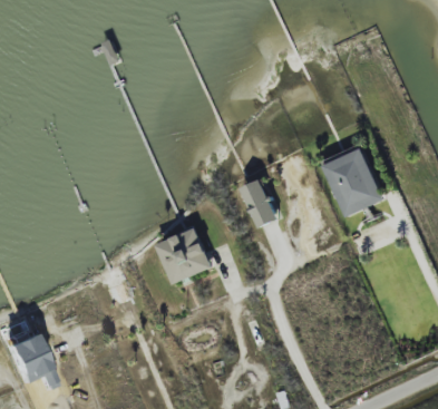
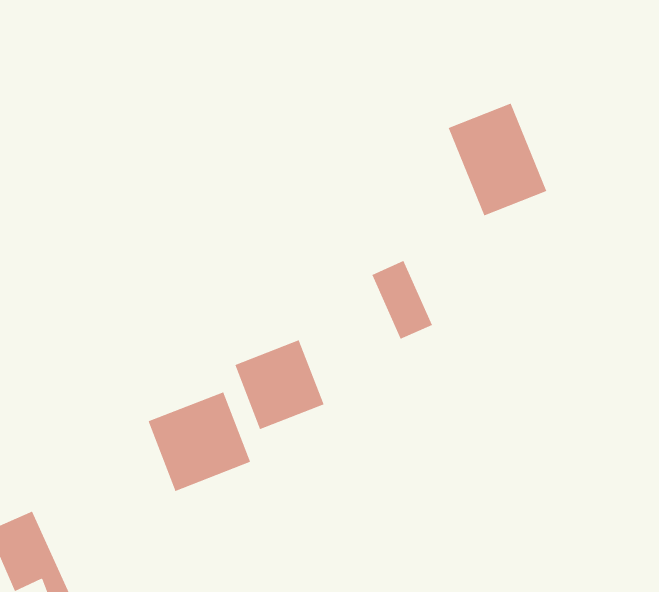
building: [323,146,385,216] -> [448,103,547,216]
building: none -> [148,391,251,492]

